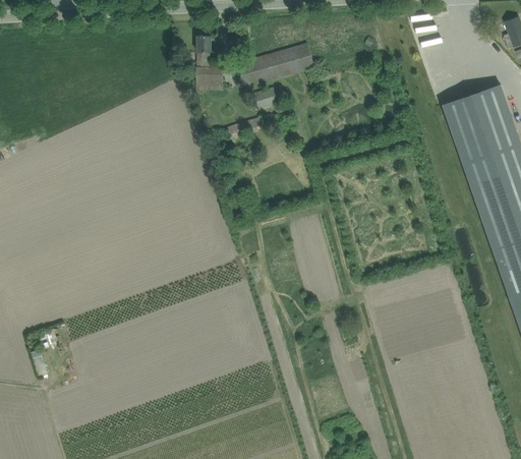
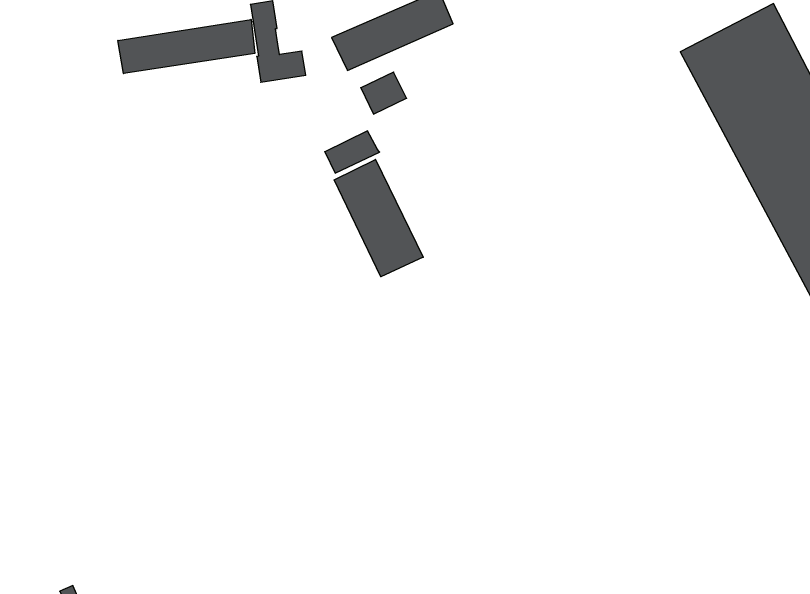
building: none -> [118,19,255,74]
building: none -> [334,159,423,277]

